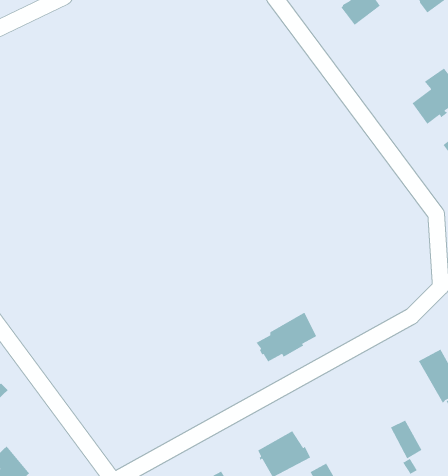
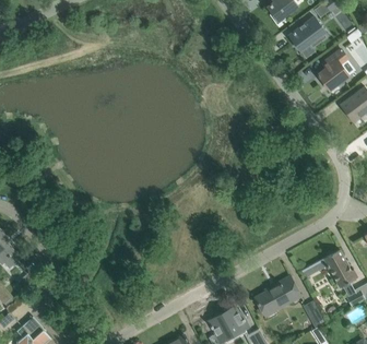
building: none -> [289,17,328,51]
building: [255,312,317,363] -> [256,276,299,312]

